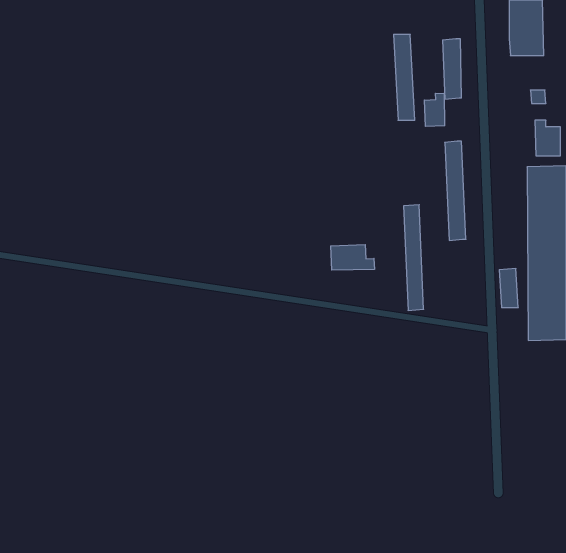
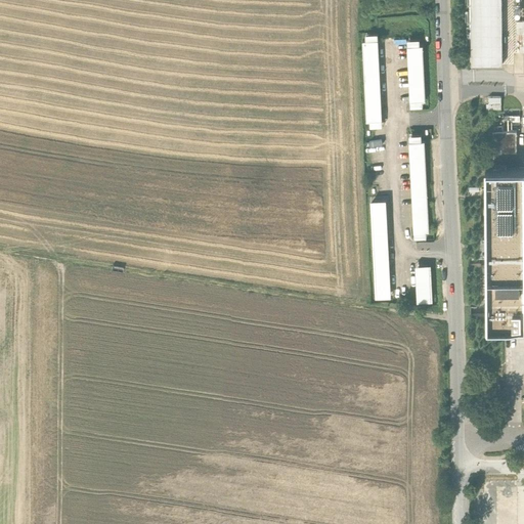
building: [424,93,445,126] -> none
building: [331,245,374,270] -> none
building: [499,269,518,308] -> [416,267,433,303]

